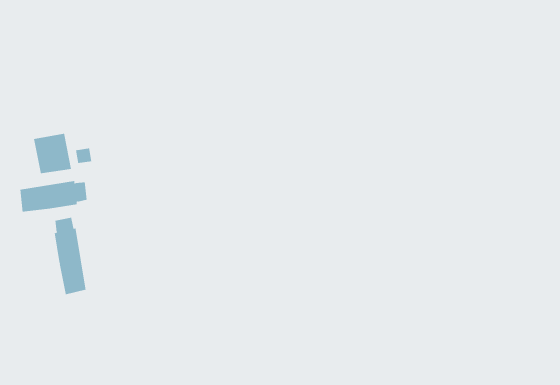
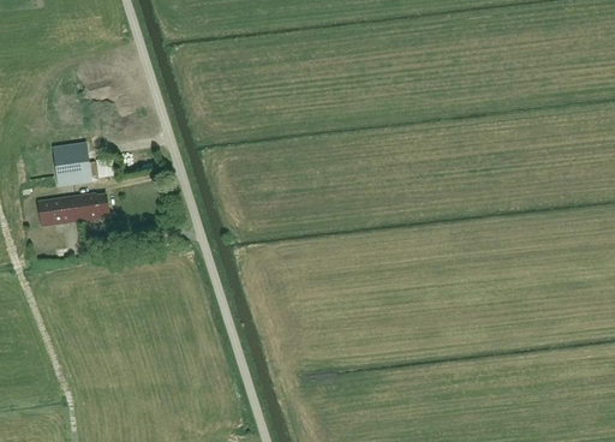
building: [54,217,86,295] -> none

